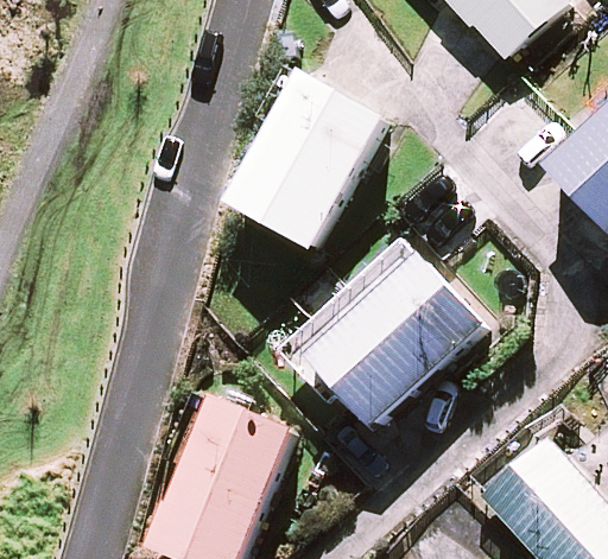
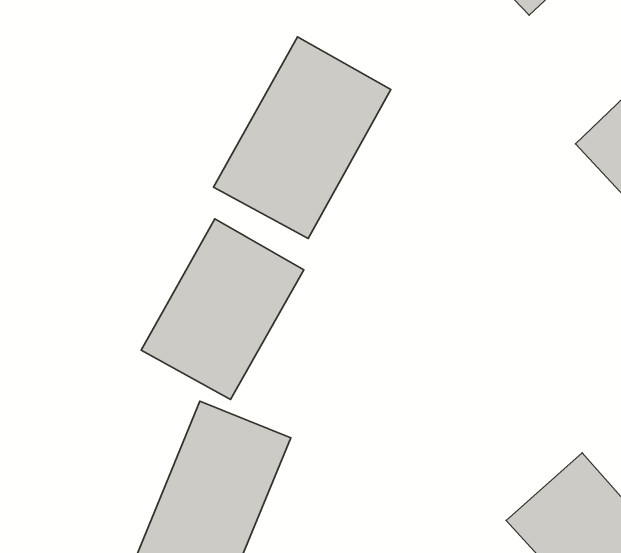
building: none -> [141,219,304,399]
building: [279,239,481,427] -> none

